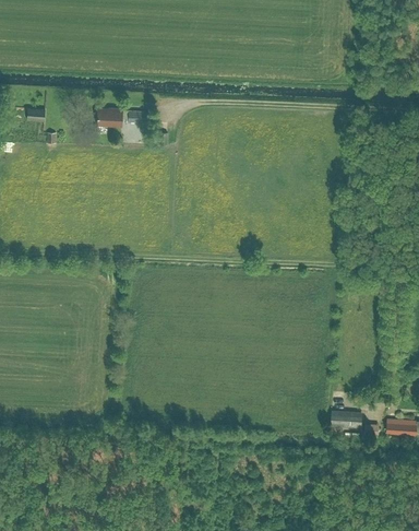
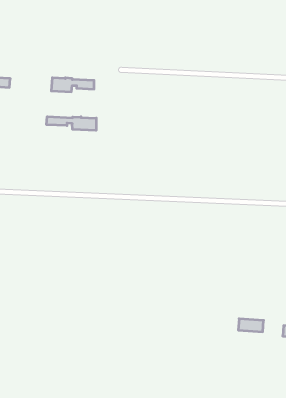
building: none -> [47,117,96,130]

